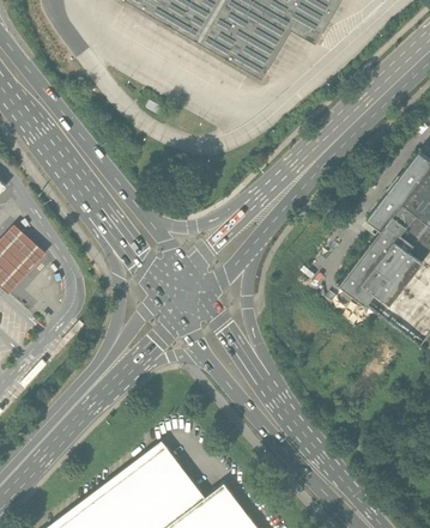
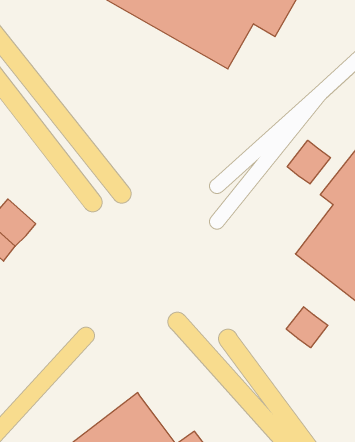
building: none -> [287,140,330,184]
building: none -> [286,307,328,348]

